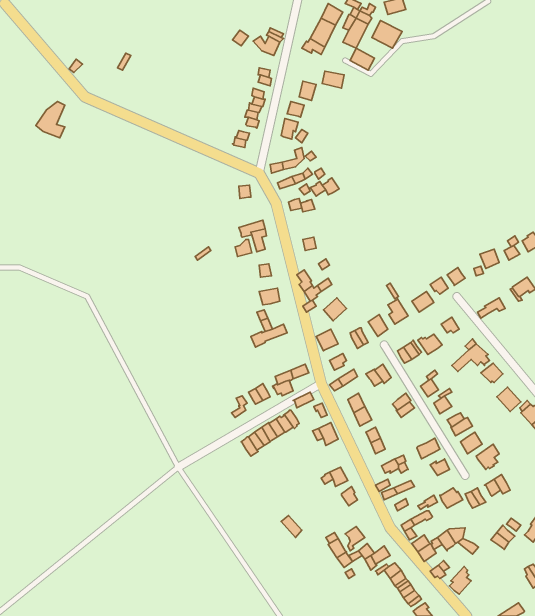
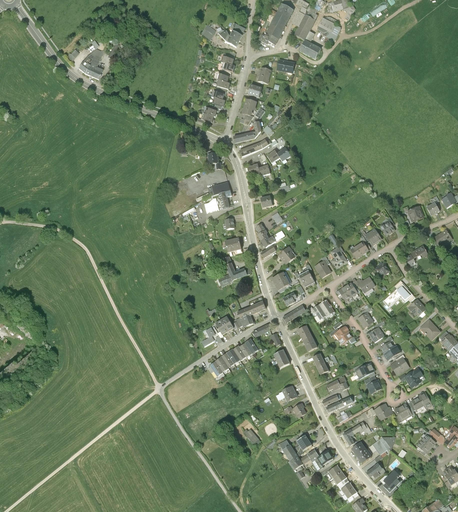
building: [36,101,65,138] -> [78,48,102,78]

